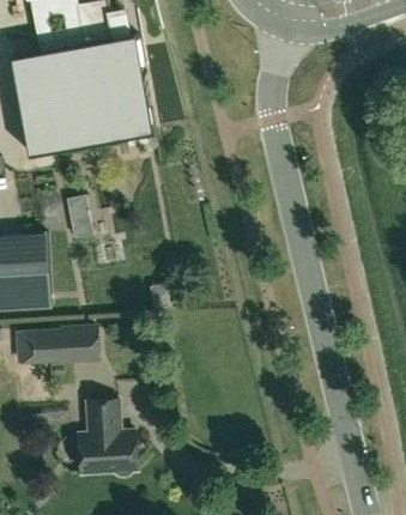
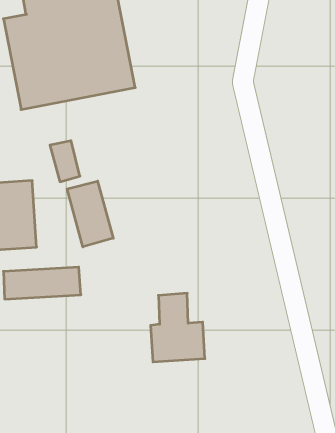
building: none -> [67,181,113,247]
building: [75,400,134,474] -> [151,293,205,362]

